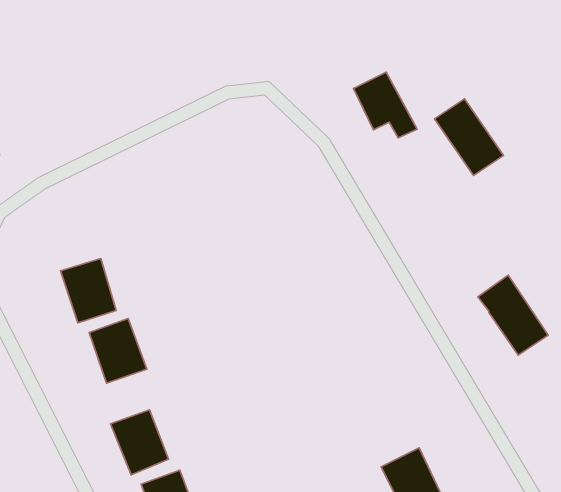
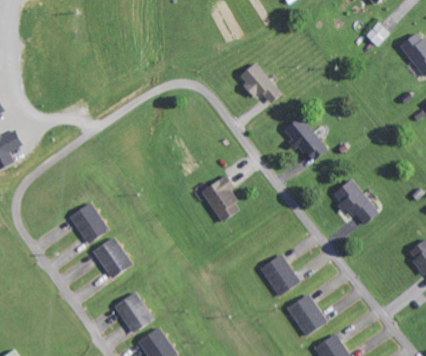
building: [435,99,504,175] -> [282,116,328,163]
building: none -> [200,174,241,222]
building: none -> [260,253,300,296]

